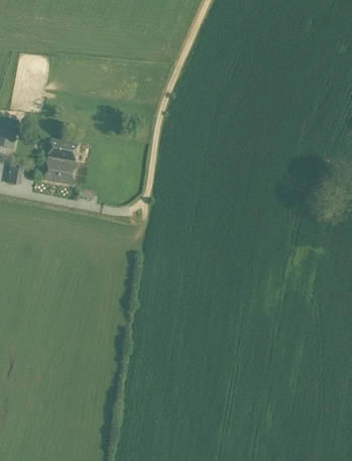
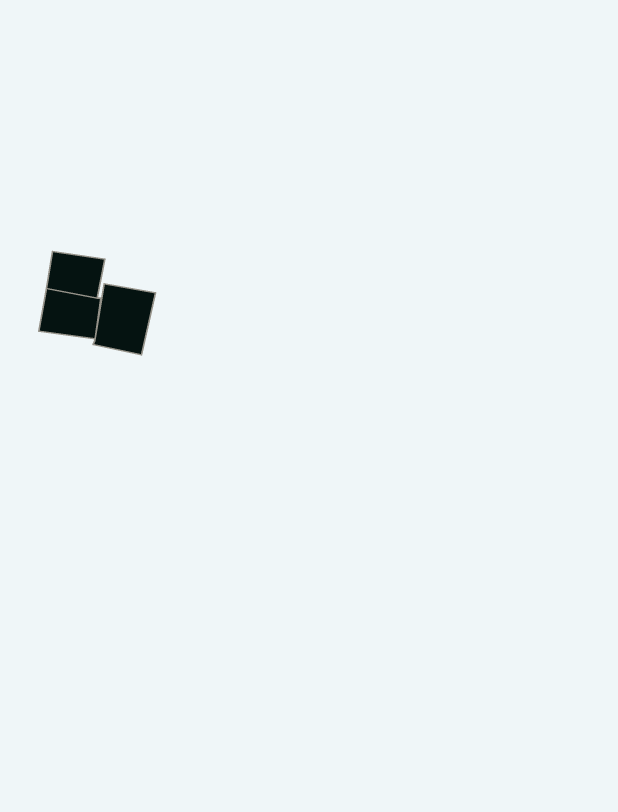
building: none -> [93,284,155,355]

